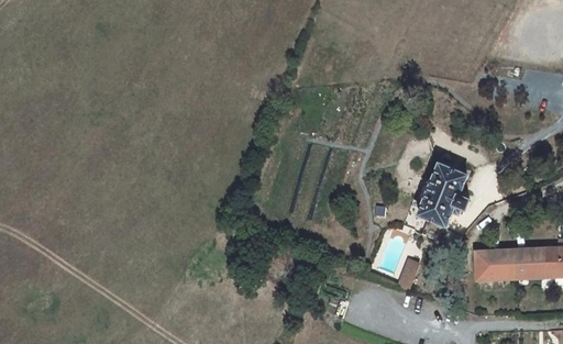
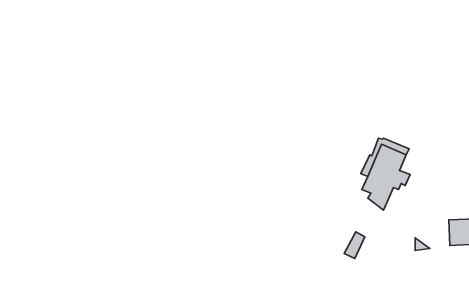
building: [475,248,516,278] -> none

